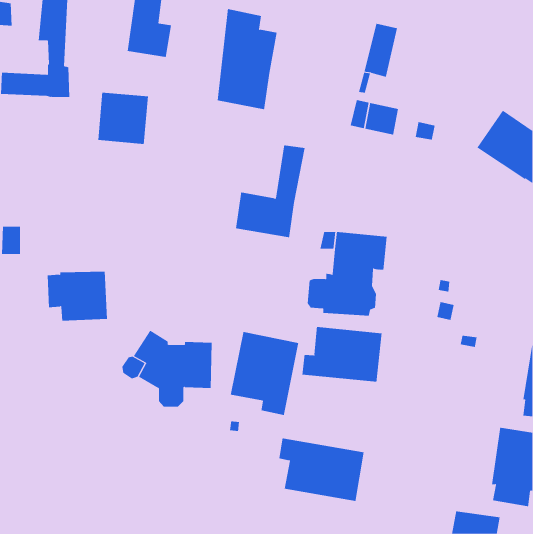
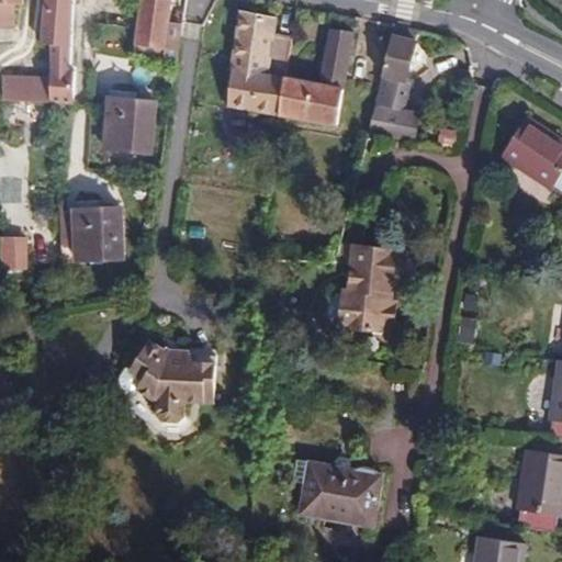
building: [235,145,305,238] -> [278,27,351,125]
building: [47,271,108,321] -> [59,207,123,260]
building: [302,326,382,383] -> none
building: [230,331,299,416] -> none

